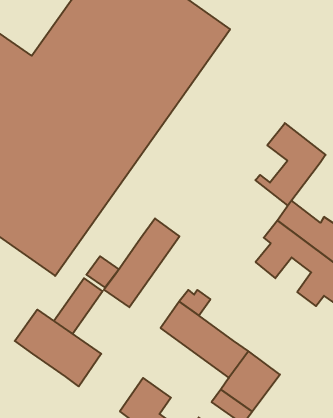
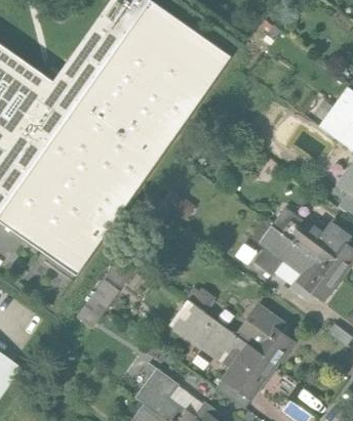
building: [255,123,326,205] -> none
building: [104,218,179,307] -> none
building: none -> [234,301,291,363]
building: [15,310,101,386] -> none

